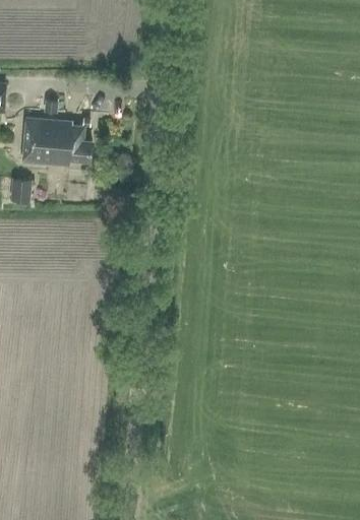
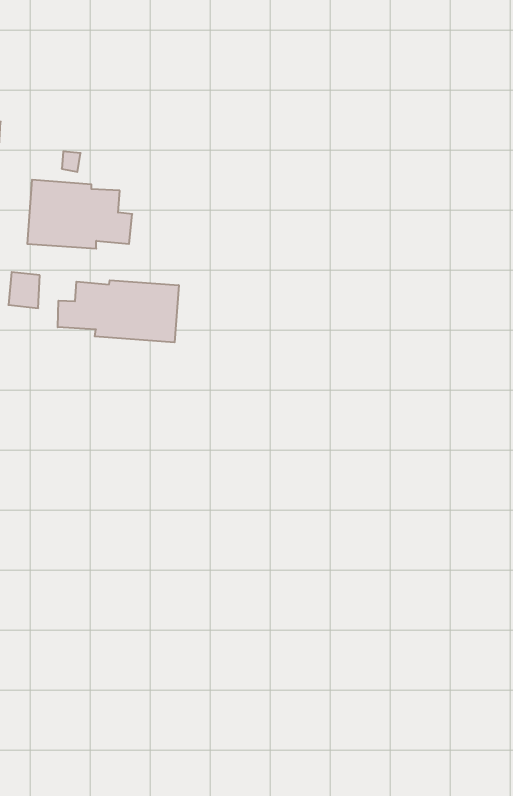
building: none -> [58,280,179,342]

